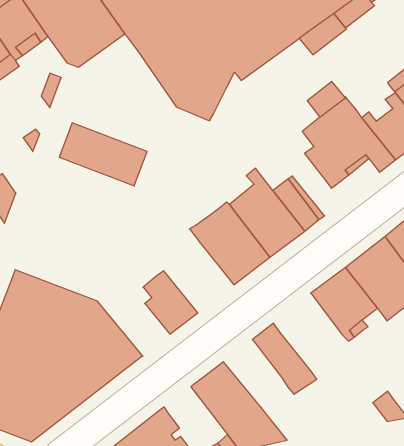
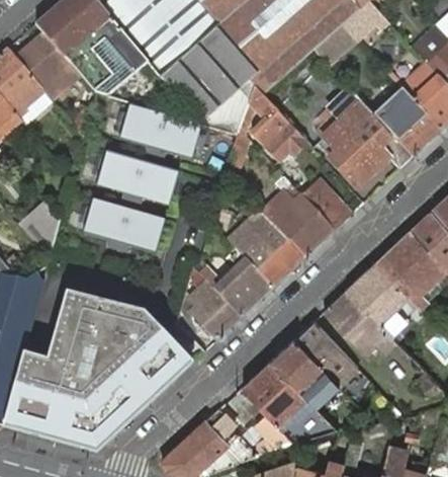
building: none -> [248,87,303,161]
building: none -> [119,102,200,158]
building: none -> [84,196,166,250]
building: none -> [198,250,272,316]
building: none -> [322,288,394,356]
building: none -> [269,336,332,399]

